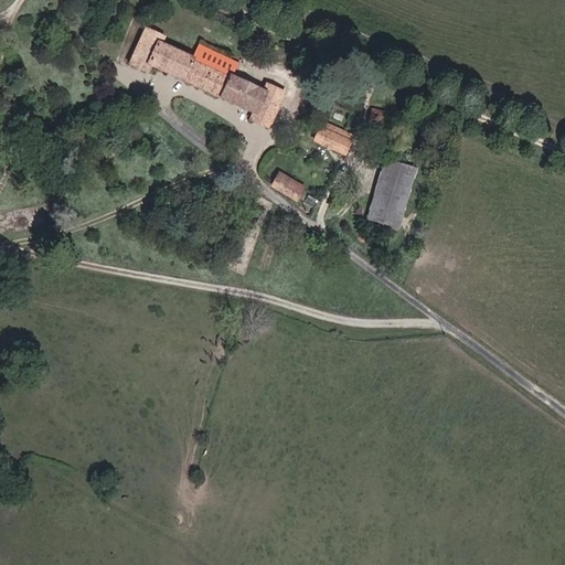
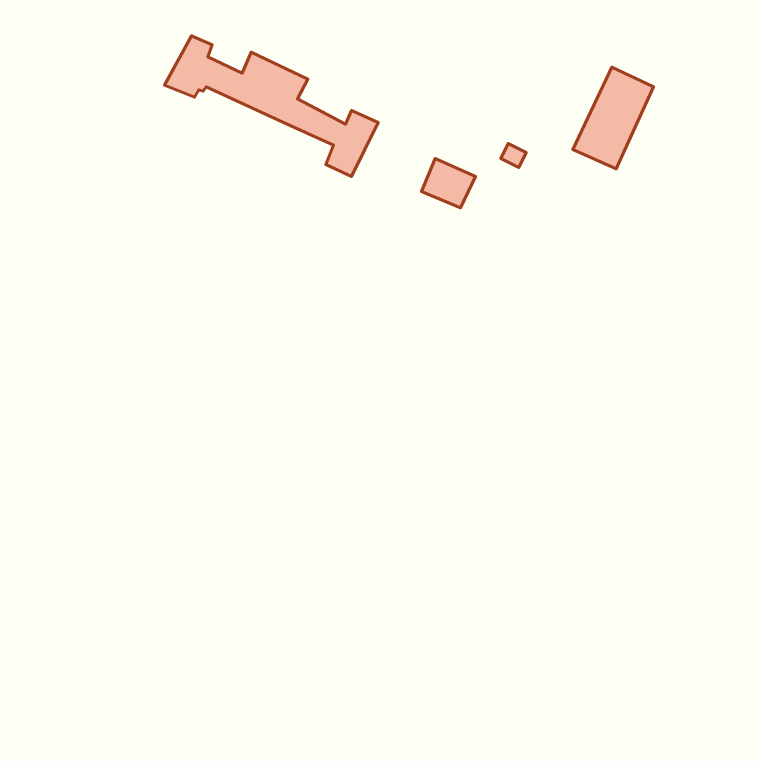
building: [364,157,424,232] -> [573,67,654,169]
building: [271,173,306,200] -> none

